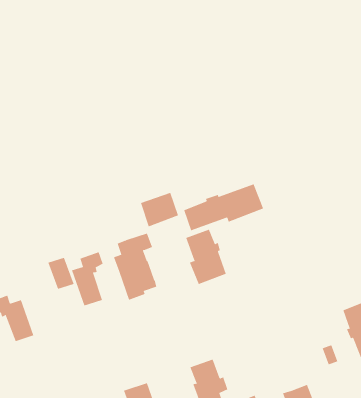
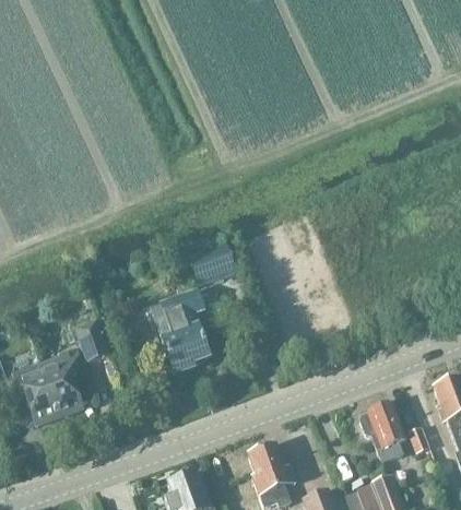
building: [183,184,264,231] -> none
building: [185,229,227,285] -> none
building: [71,251,104,306] -> [44,348,83,415]
building: none -> [359,401,406,464]

